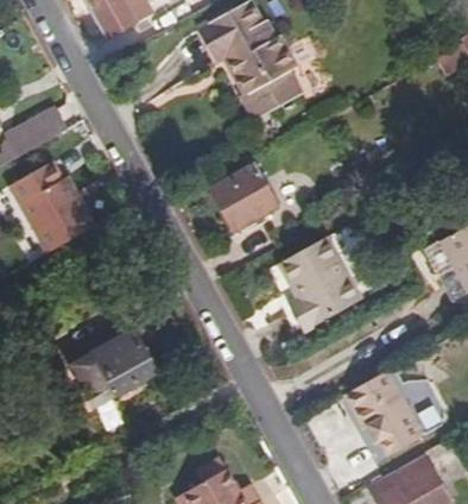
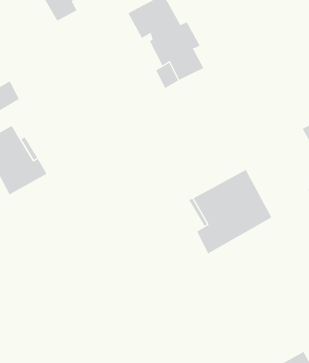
building: [209,164,276,231] -> none
building: [77,320,153,407] -> none
building: [343,371,419,454] -> none

